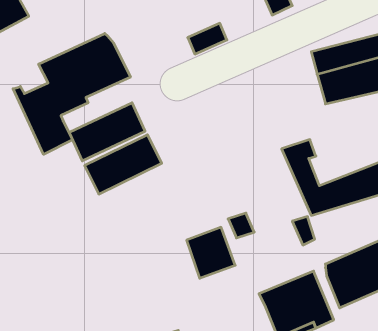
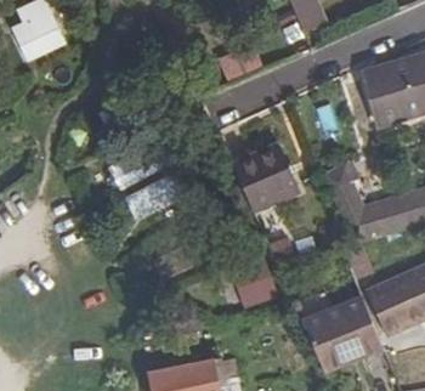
building: [13,33,130,154] -> none
building: none -> [236,143,300,209]

